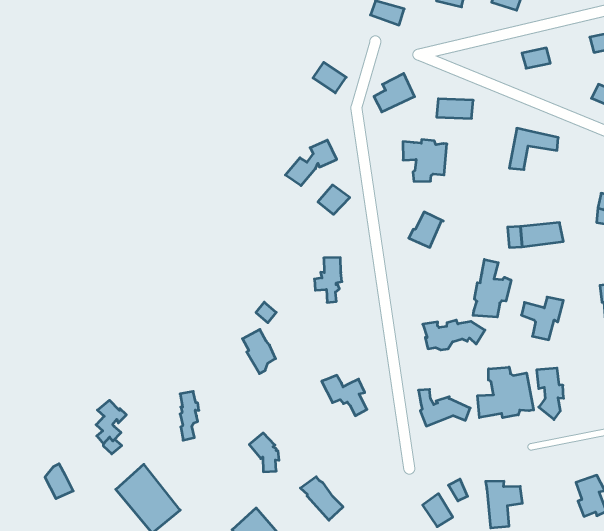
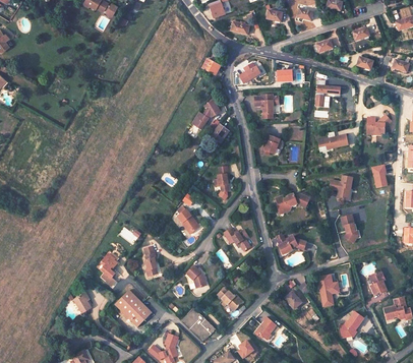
building: [473,259,511,317] -> none
building: [478,367,534,418] -> none

